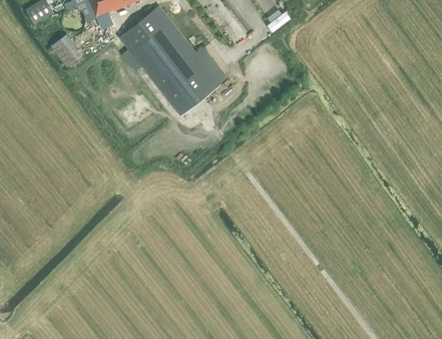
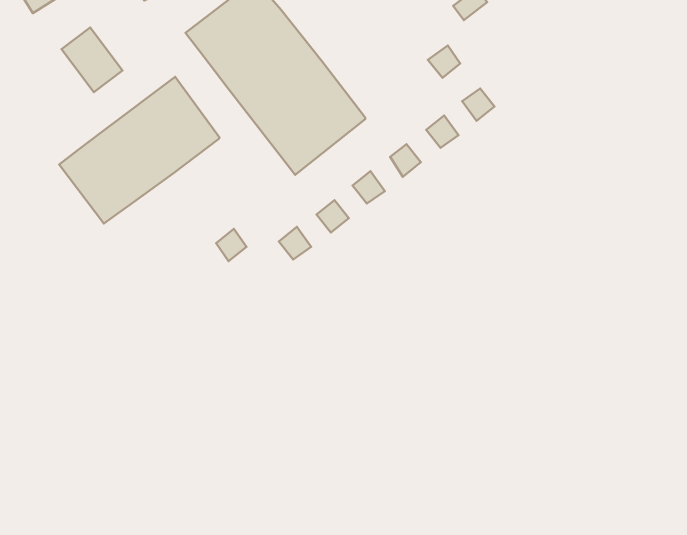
building: none -> [59,77,219,223]

